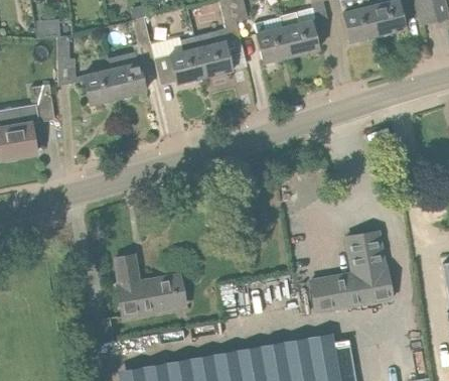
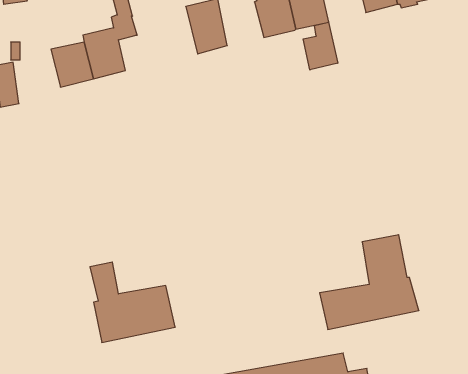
building: [57,36,77,86] -> none
building: [151,36,207,86] -> none
building: none -> [303,22,338,70]

